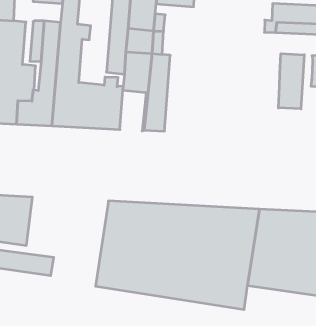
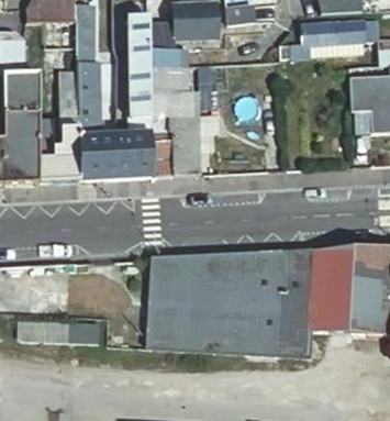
building: [278,54,304,109] -> none
building: none -> [151,134,176,177]

